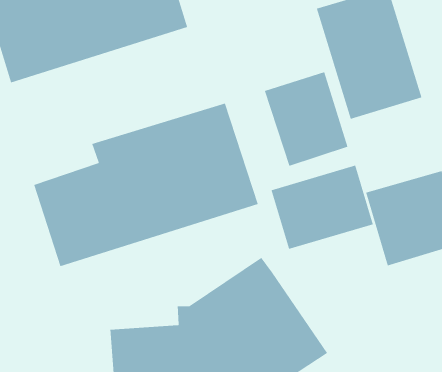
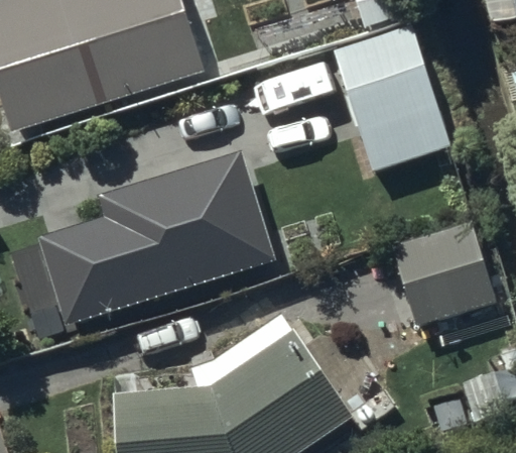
building: [264,71,348,167] -> none
building: [271,165,374,250] -> none

